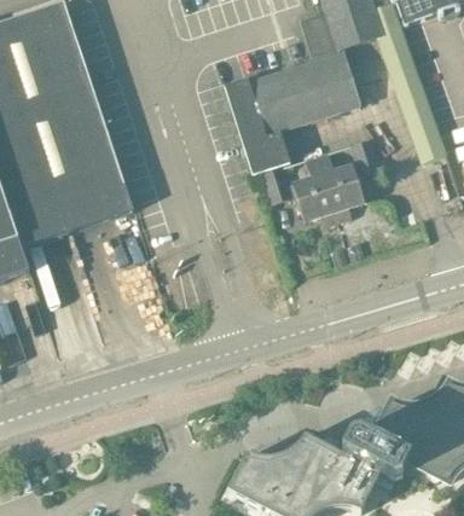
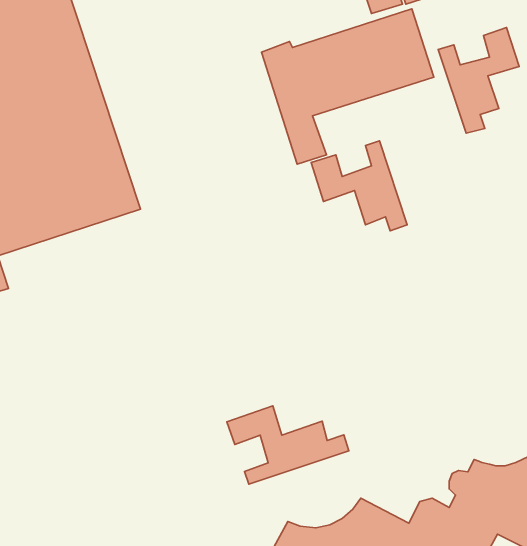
building: [318,139,381,221] -> [438,28,519,133]
building: none -> [227,406,349,484]

